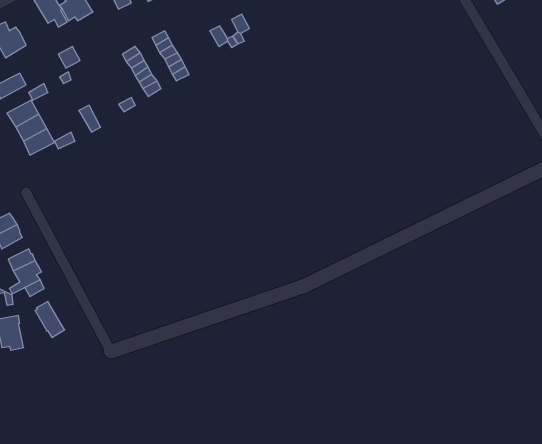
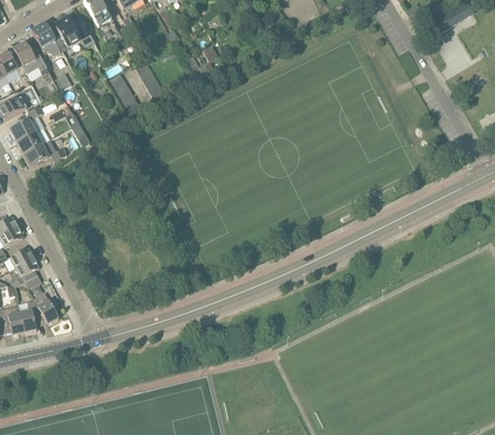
building: none -> [13,37,45,72]
building: none -> [19,299,43,331]

